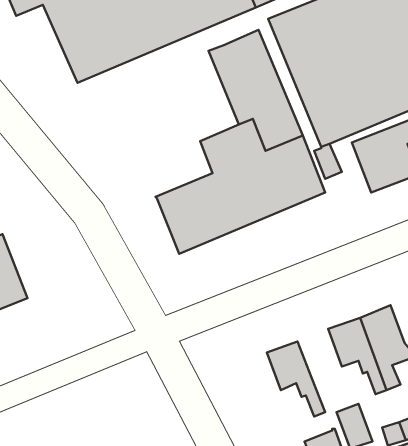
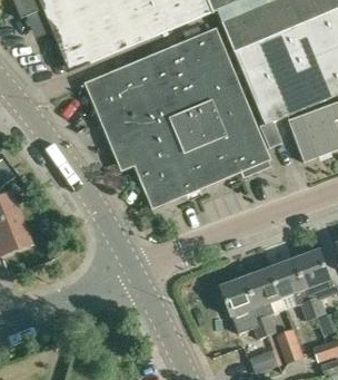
building: none -> [84,45,199,166]
building: none -> [246,267,281,334]

